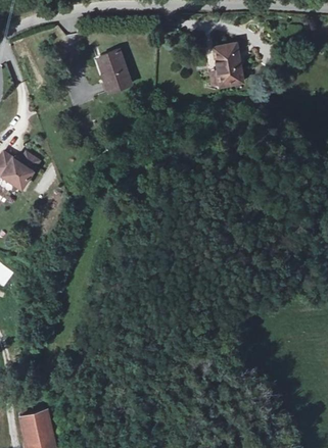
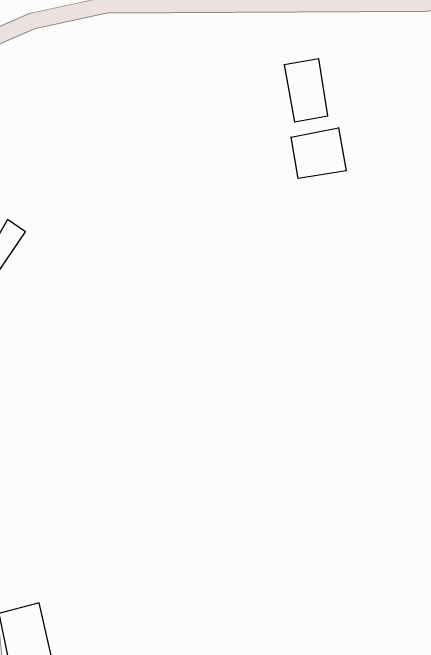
building: [99,50,134,94] -> none
building: none -> [291,128,346,178]

